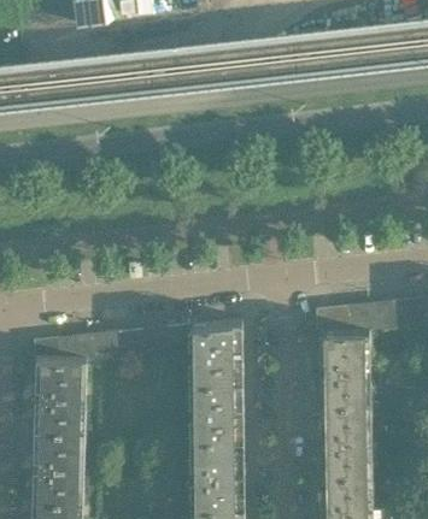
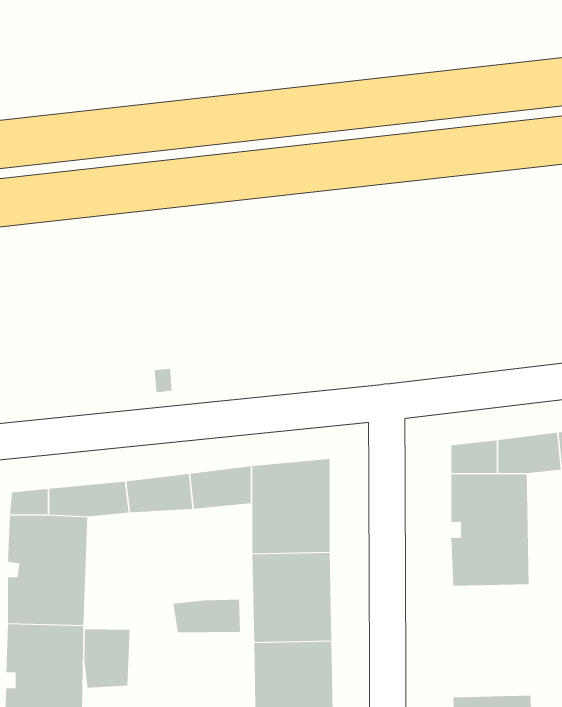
building: [321,400,371,472] -> none
building: none -> [173,599,241,633]
building: none -> [84,628,130,689]

